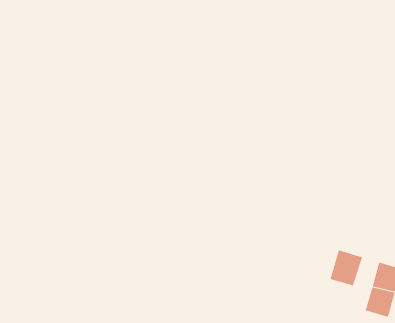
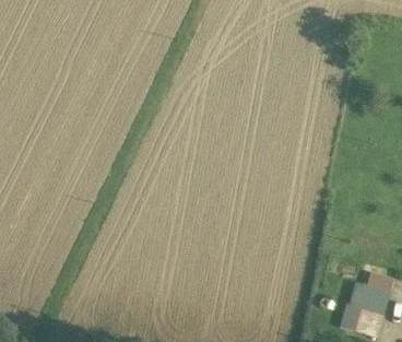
building: [330,249,363,286] -> none

